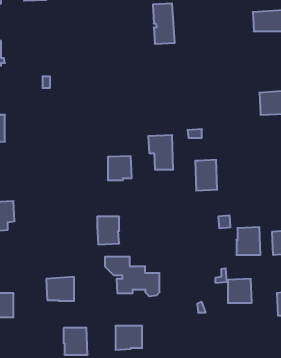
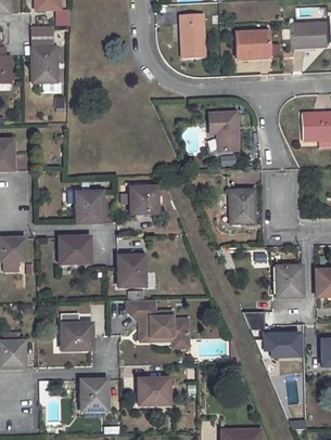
building: none -> [31,25,60,90]
building: none -> [235,31,269,57]
building: [148,135,173,170] -> [209,112,238,151]
building: none -> [76,191,103,222]
building: none -> [59,235,90,262]

